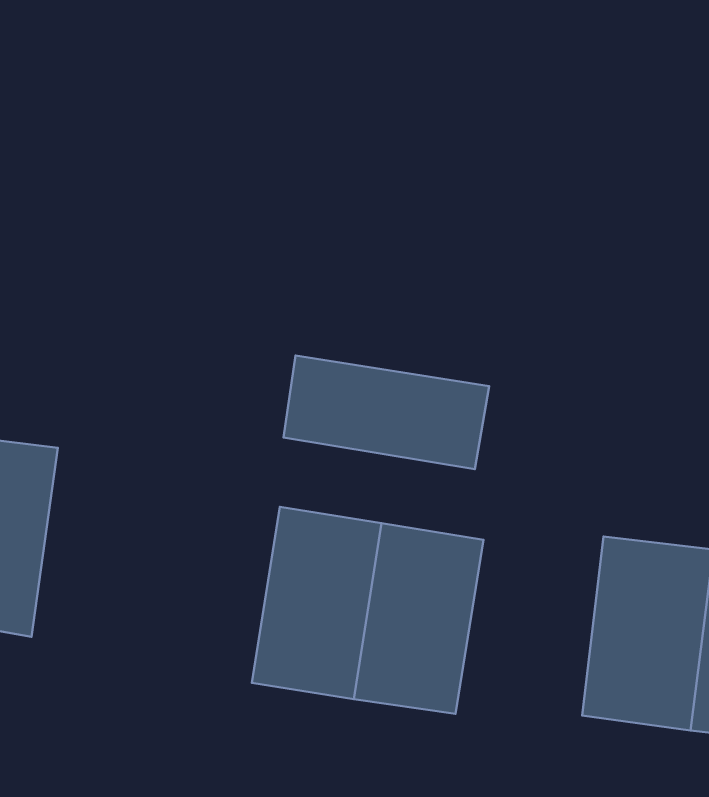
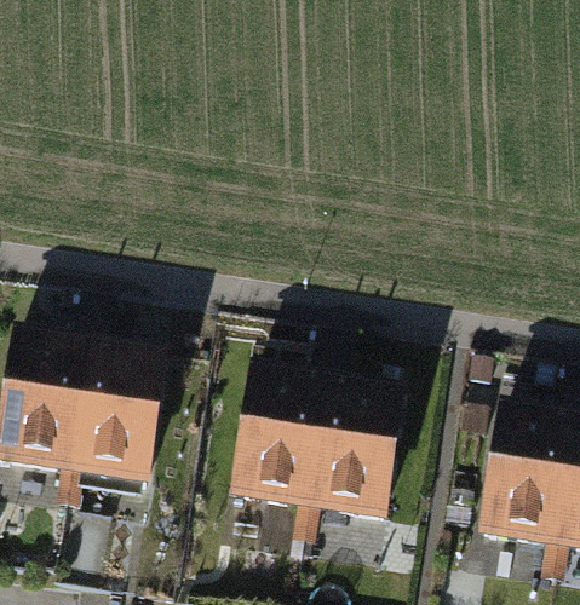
building: [283,355,489,469] -> none
building: none -> [71,346,165,495]

